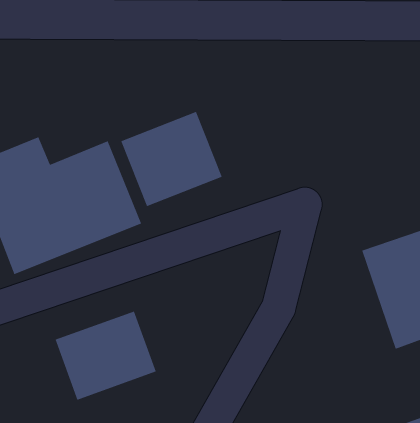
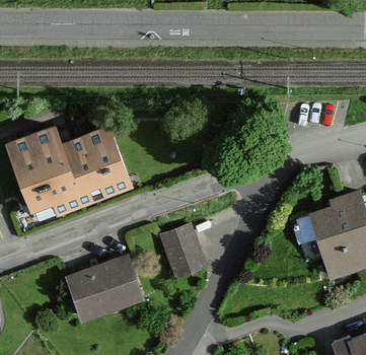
building: [120,111,223,207] -> none
building: none -> [160,224,210,282]

